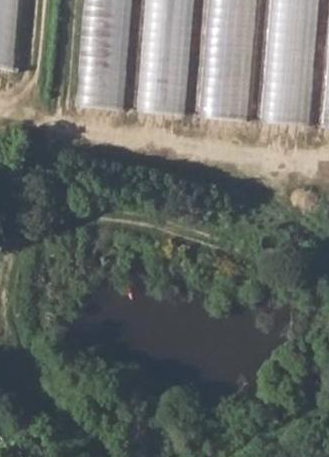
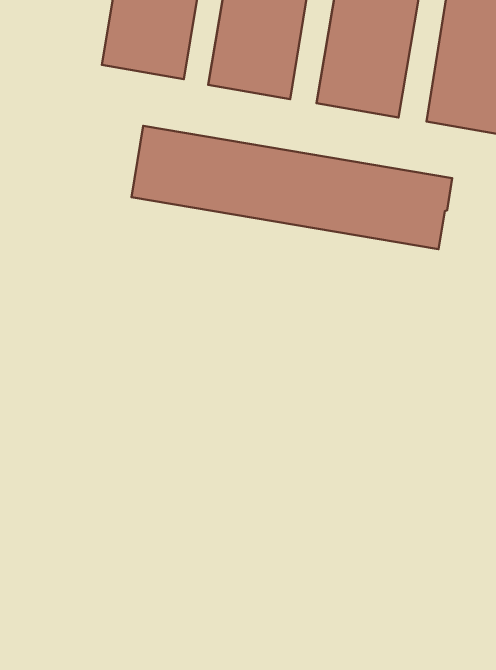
building: none -> [132,126,452,249]

